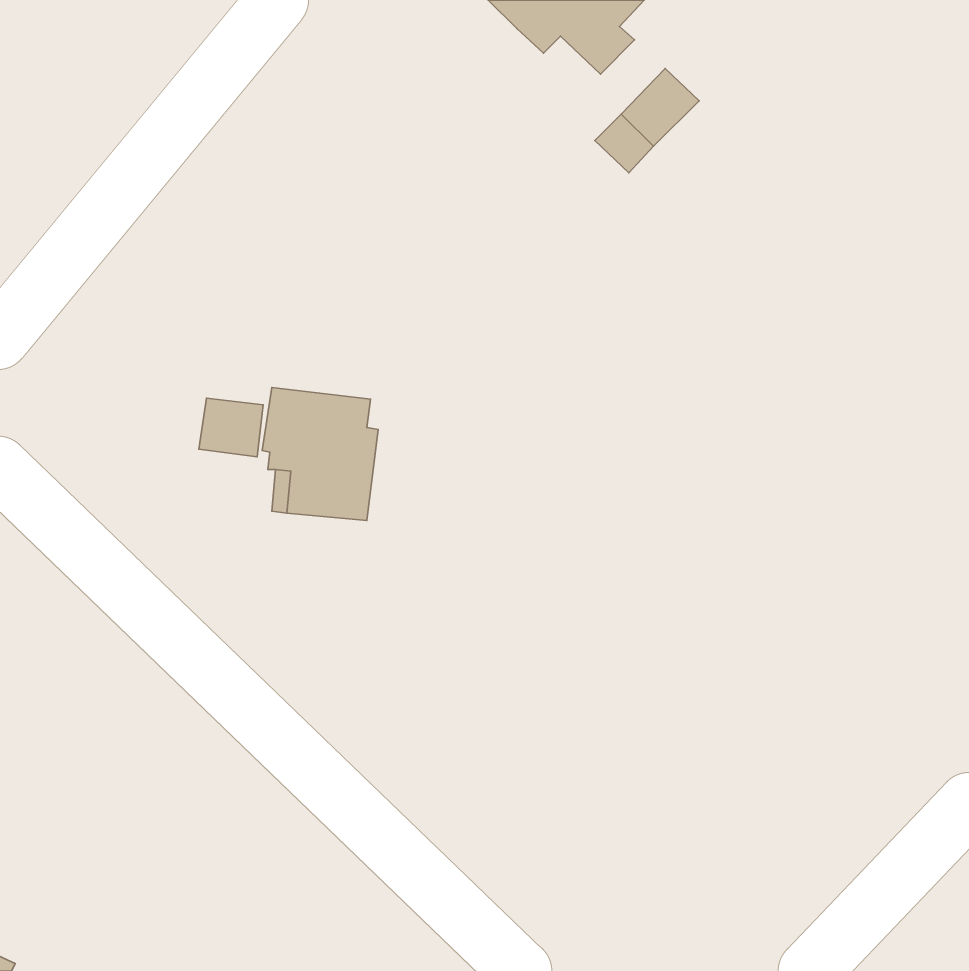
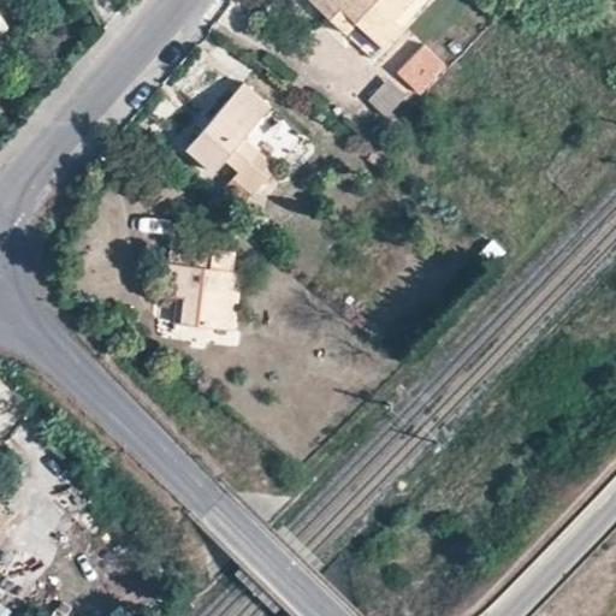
building: none -> [186,85,274,196]
building: [199,398,263,457] -> none

